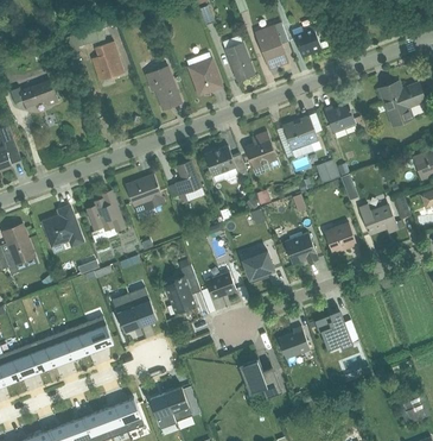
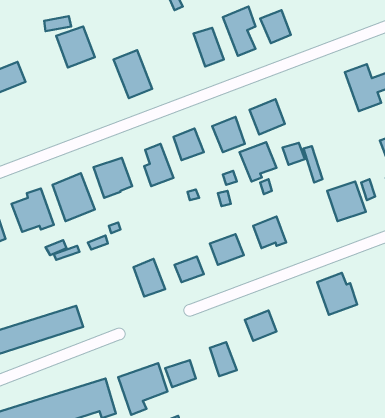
building: [185,53,224,96] -> none
building: [324,101,356,132] -> none
building: none -> [239,142,276,182]
building: [321,219,356,254] -> none
building: [110,284,155,330] -> none
building: [313,308,354,351] -> [317,273,357,315]
building: none -> [165,360,196,387]

